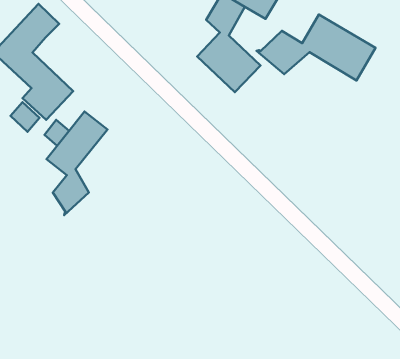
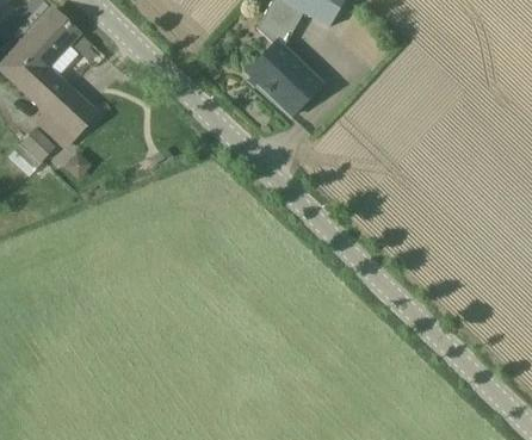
building: [257,14,375,80] -> none
building: [46,112,107,215] -> none

